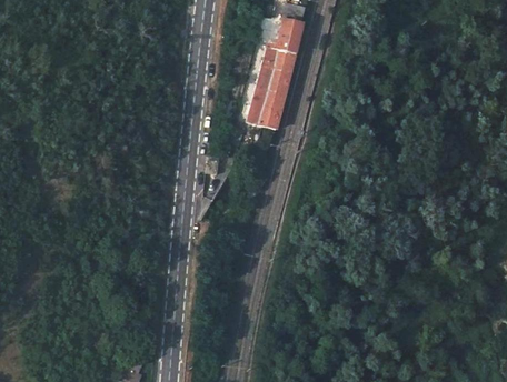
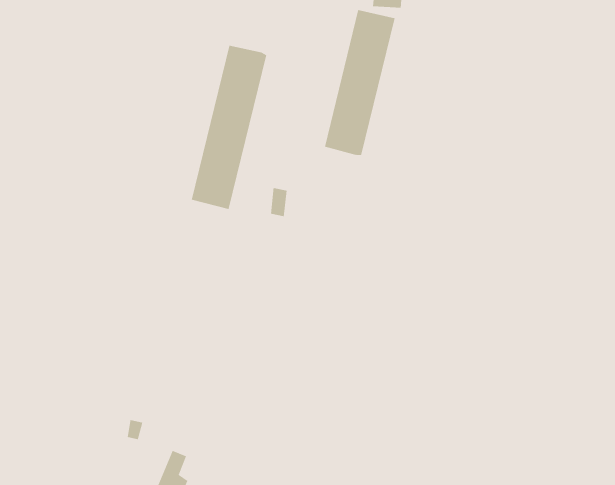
building: none -> [191,45,267,210]

